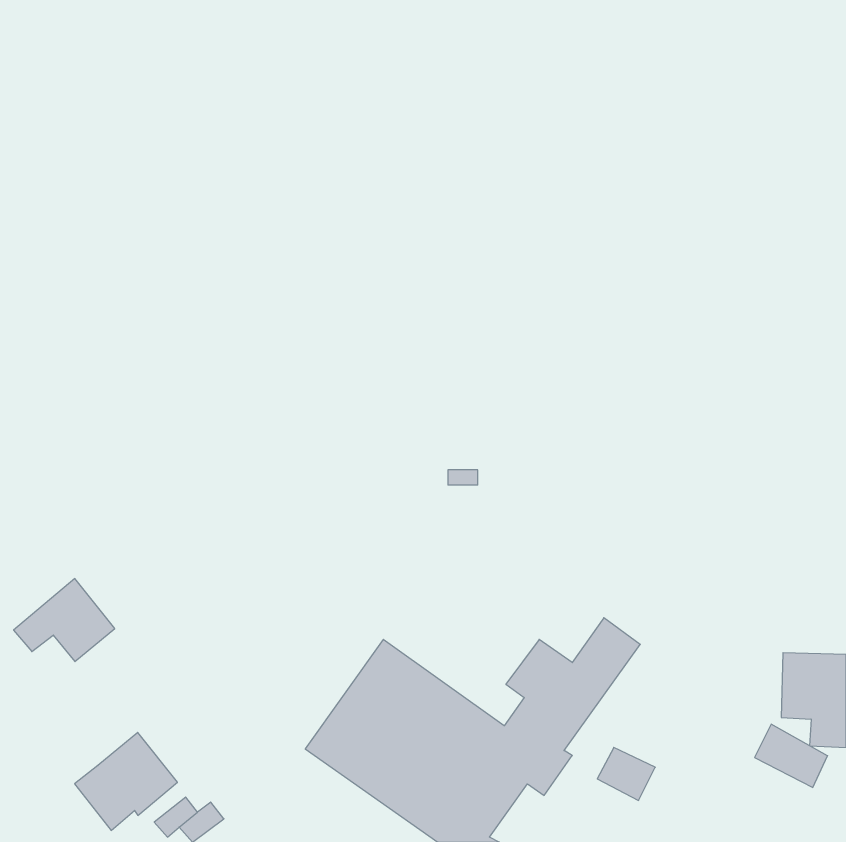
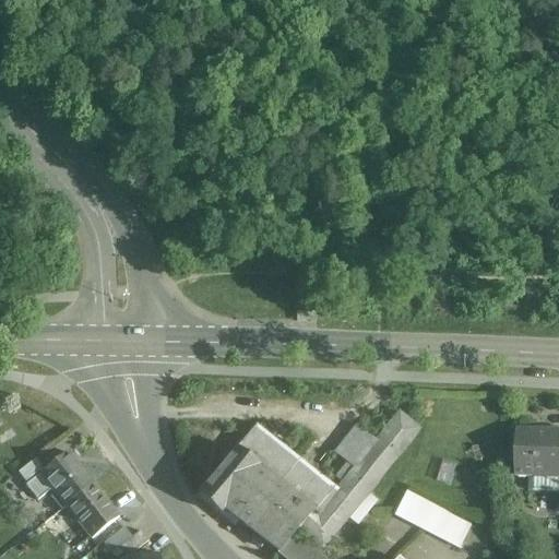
building: [14,579,115,662] -> [24,449,91,503]
building: [755,724,828,787] -> [420,504,468,546]

